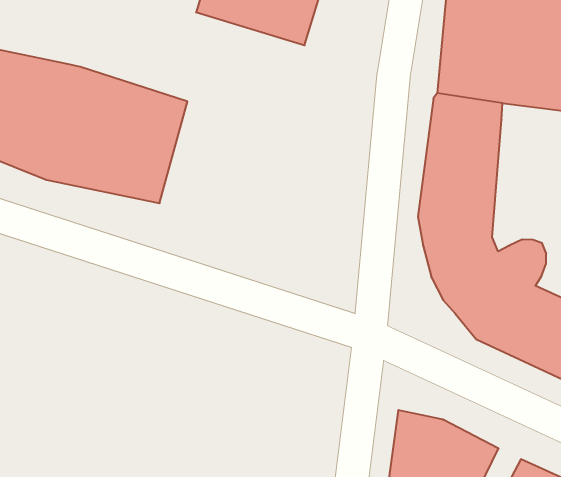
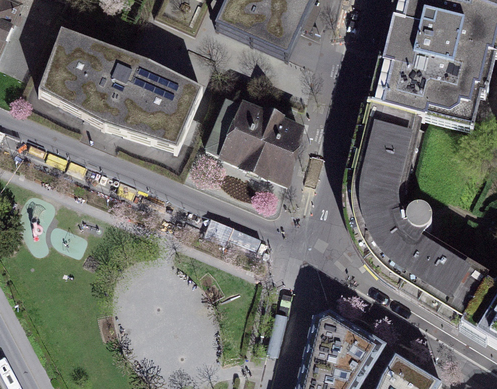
building: none -> [210,95,303,176]

